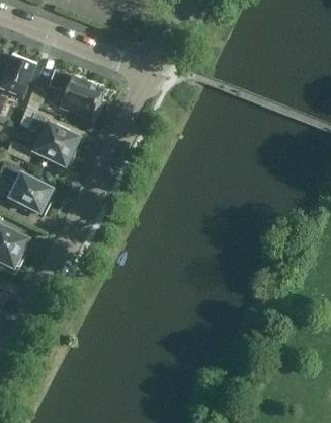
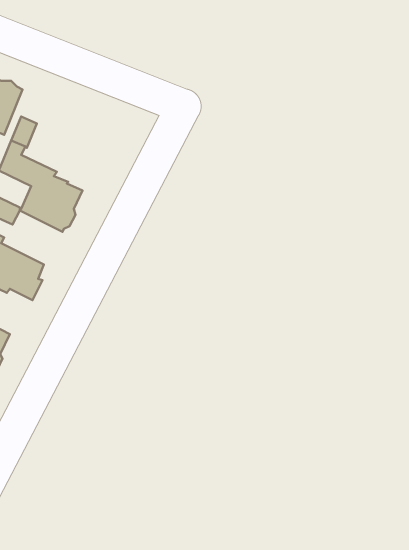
building: [49,68,102,116] -> none

